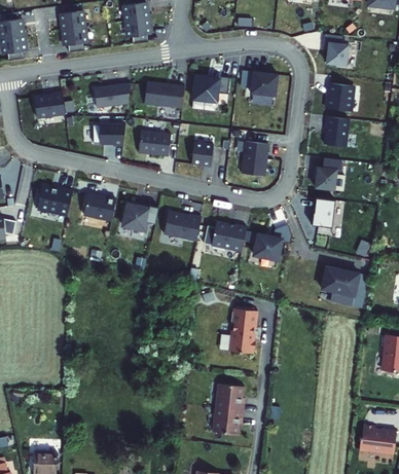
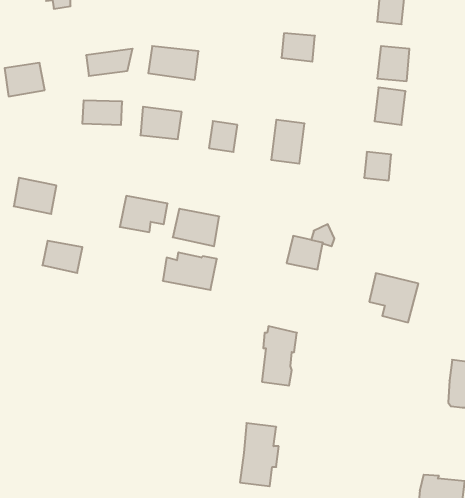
building: [193,74,229,101] -> none
building: [84,195,116,221] -> [42,241,82,273]
building: [313,197,336,226] -> none
building: [205,221,248,251] -> [163,252,217,290]

